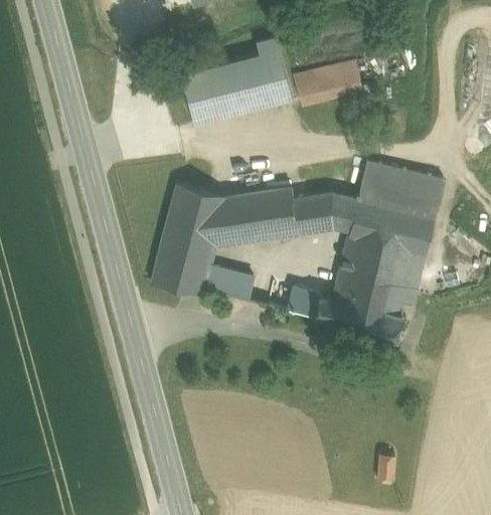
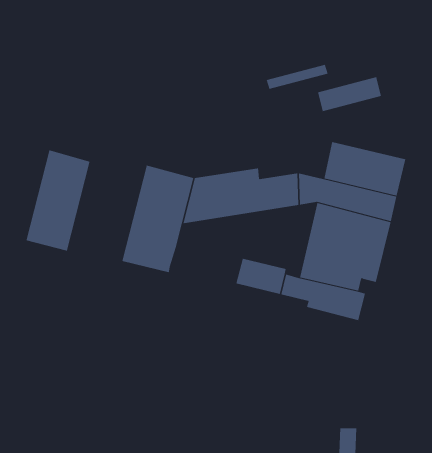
building: [181,38,293,125] -> none
building: [295,60,361,97] -> [317,77,382,112]
building: none -> [26,149,90,251]
building: [202,269,253,300] -> none

